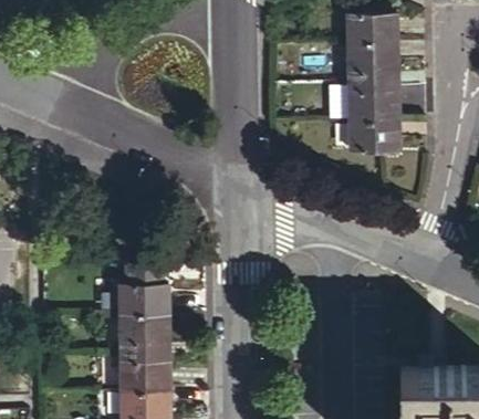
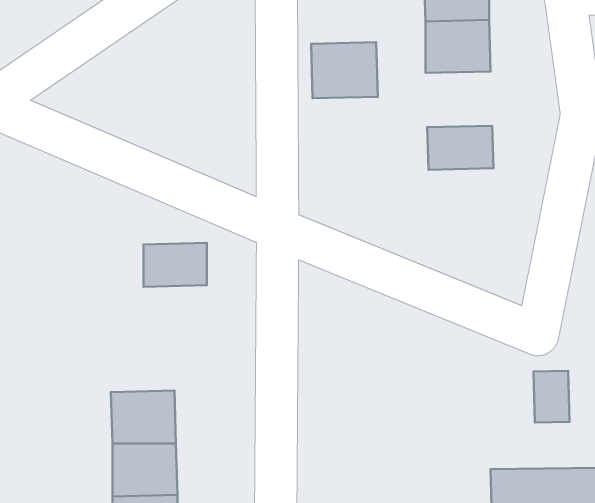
building: [350,81,398,122] -> [311,42,378,98]
building: [119,283,166,315] -> [143,243,207,287]
building: none -> [533,371,569,422]

